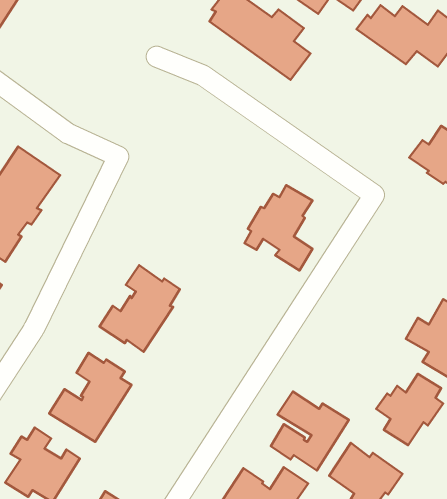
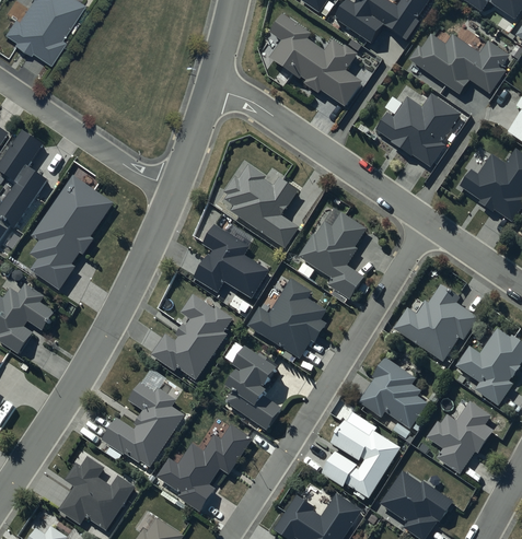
building: none -> [373,93,460,165]
building: none -> [224,165,298,247]
building: none -> [195,224,267,295]
building: none -> [248,279,325,356]
building: none -> [394,284,479,359]
building: none -> [225,347,280,427]
building: none -> [358,356,425,429]
building: none -> [158,424,252,509]

